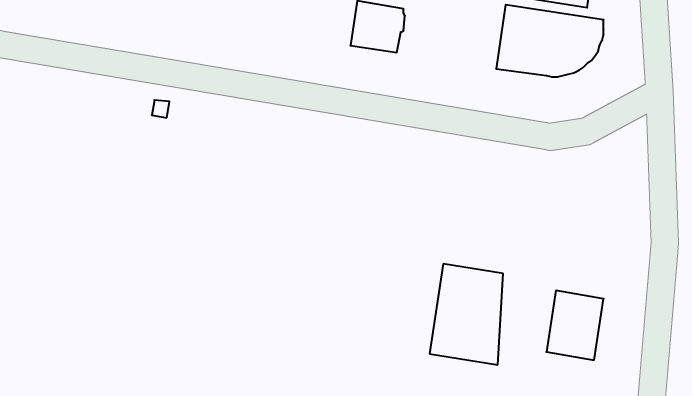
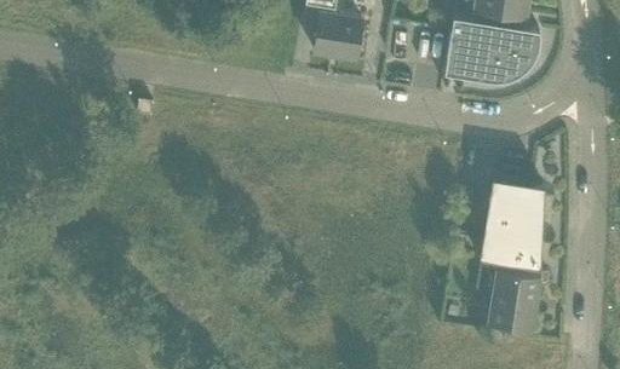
building: [430,264,503,365] -> [480,180,545,270]

